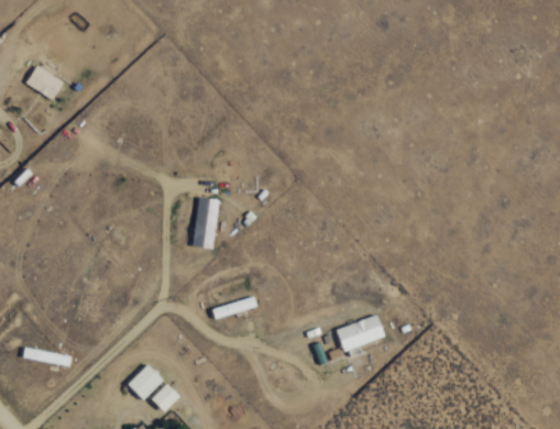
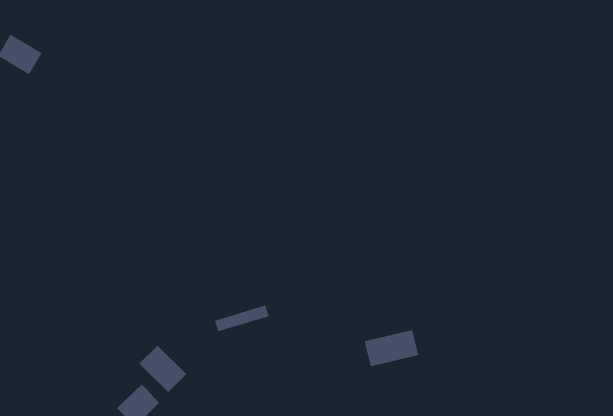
building: [194,197,219,249] -> none
building: none -> [138,345,187,393]

